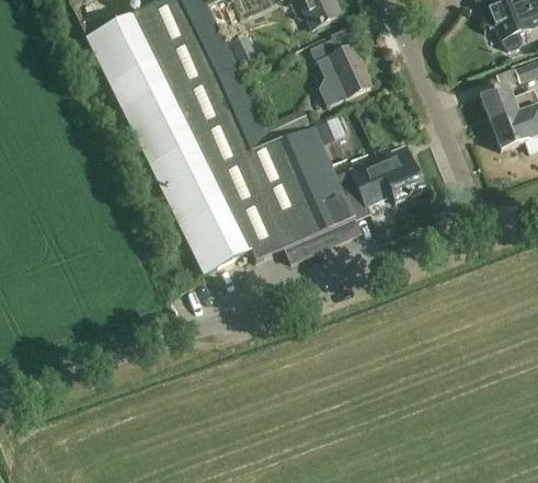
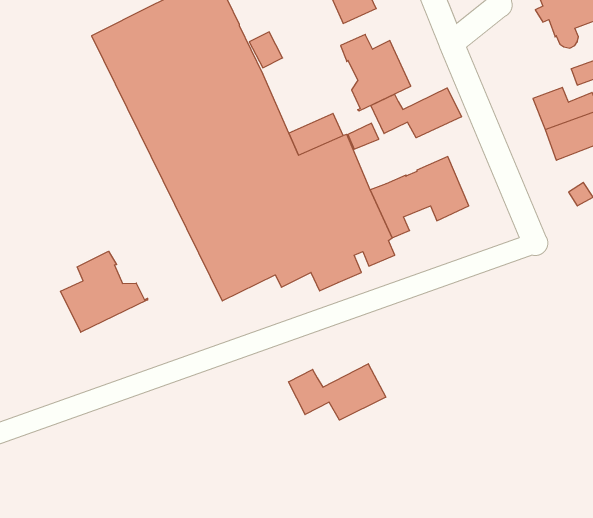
building: none -> [371,88,461,138]
building: none -> [61,251,148,332]
building: none -> [289,364,386,420]

